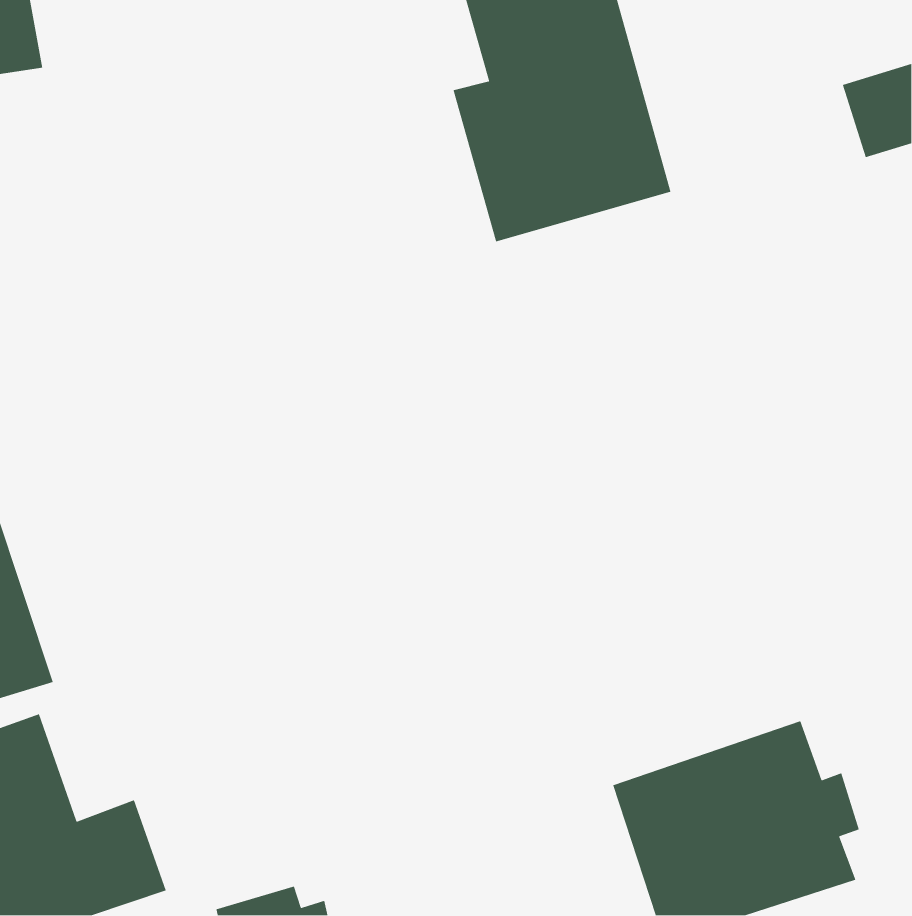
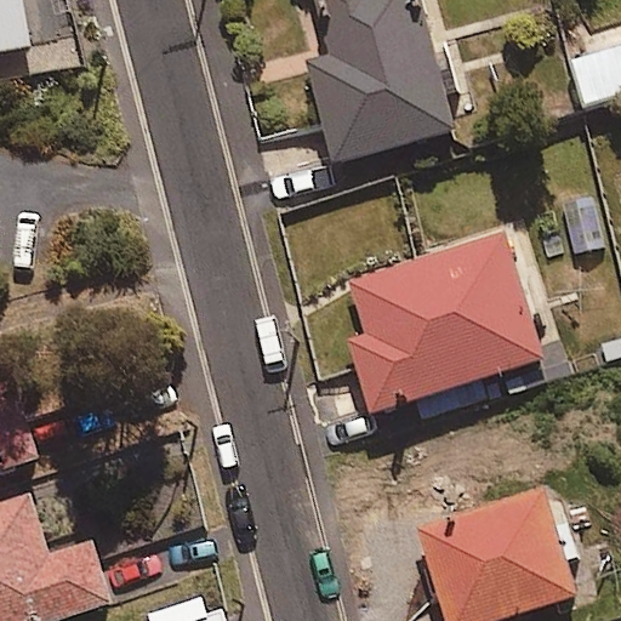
building: none -> [342,230,543,416]

